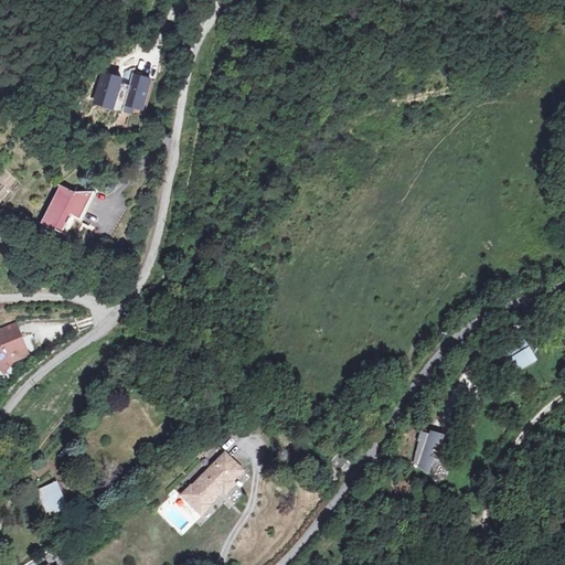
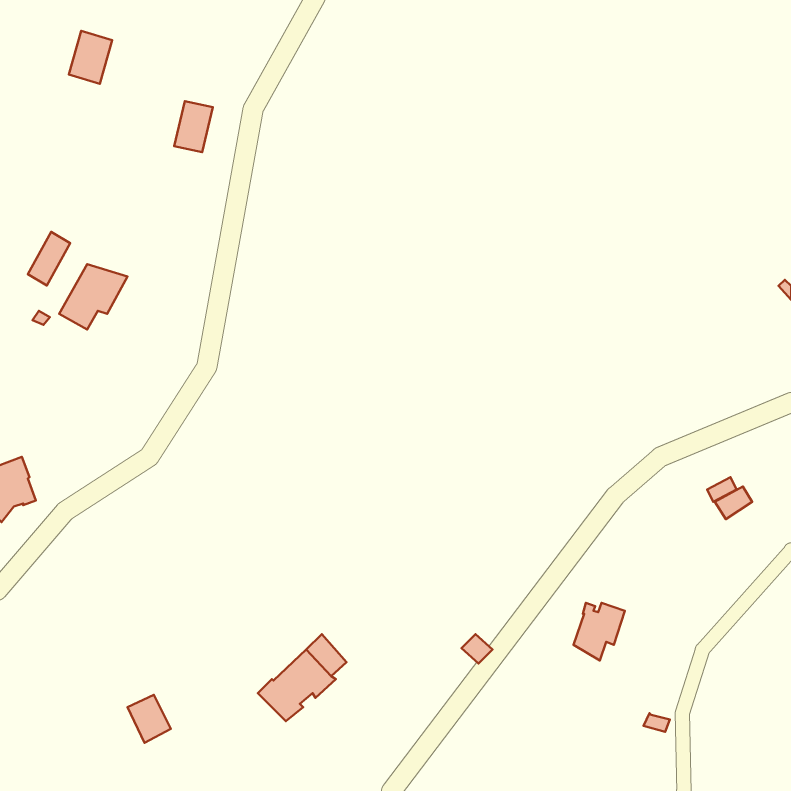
building: [92,70,122,107] -> [69,31,112,84]
building: none -> [28,232,70,285]
building: [35,481,66,515] -> [127,695,171,743]

